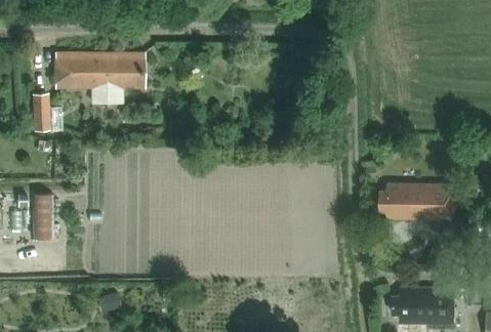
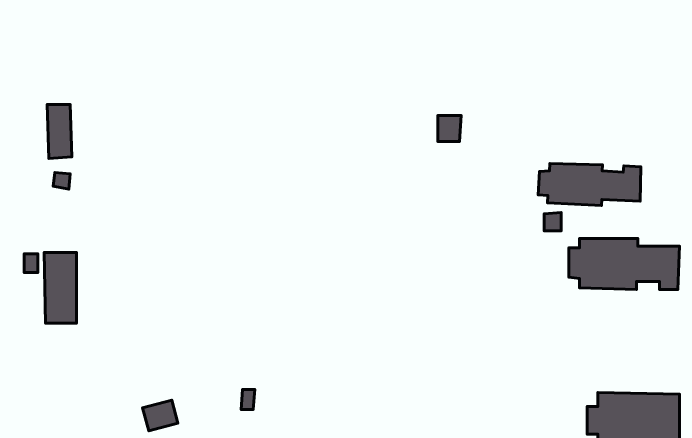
building: [57,53,141,87] -> none
building: none -> [538,163,641,206]

